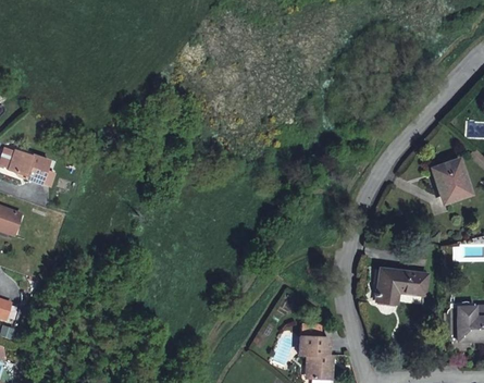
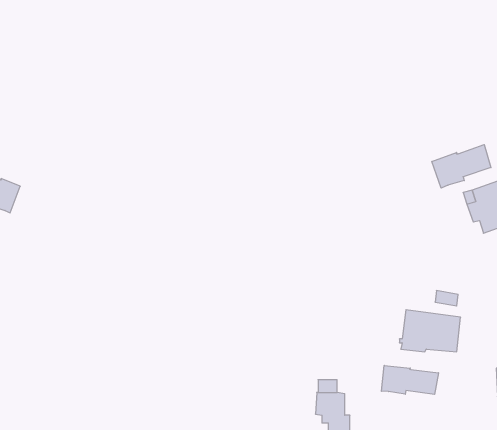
building: none -> [432,145,491,188]
building: none -> [381,365,438,394]

